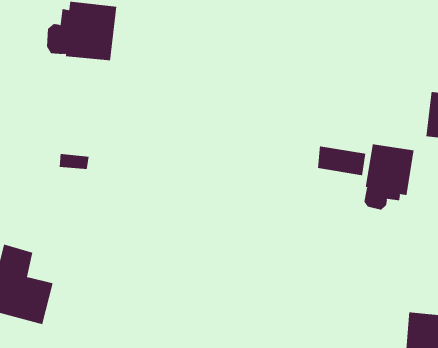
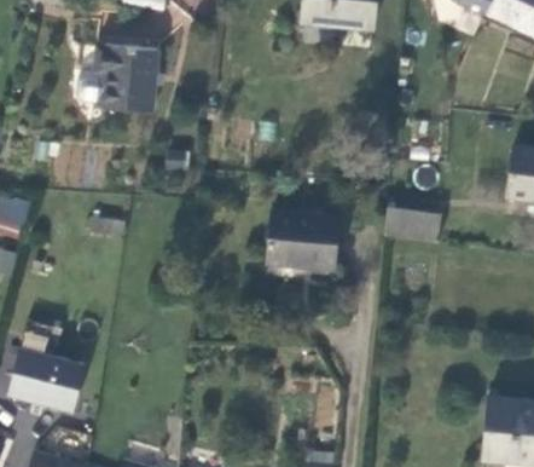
building: [364,143,414,210] -> none
building: none -> [267,211,338,271]

